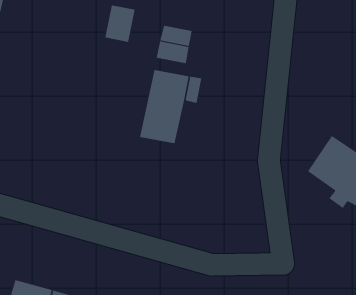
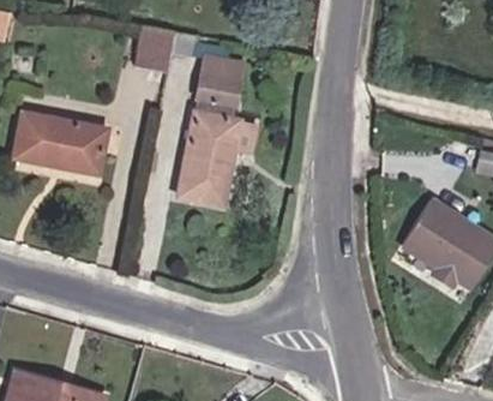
building: none -> [11,113,104,173]

